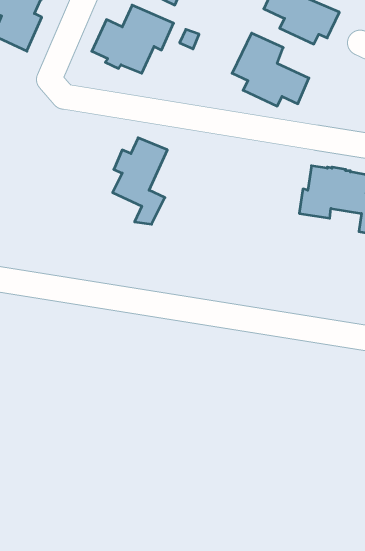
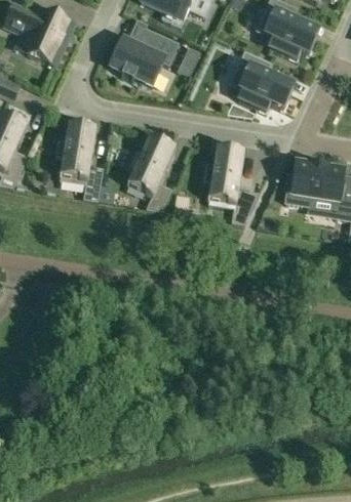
building: none -> [56,125,104,202]
building: none -> [204,149,260,224]

